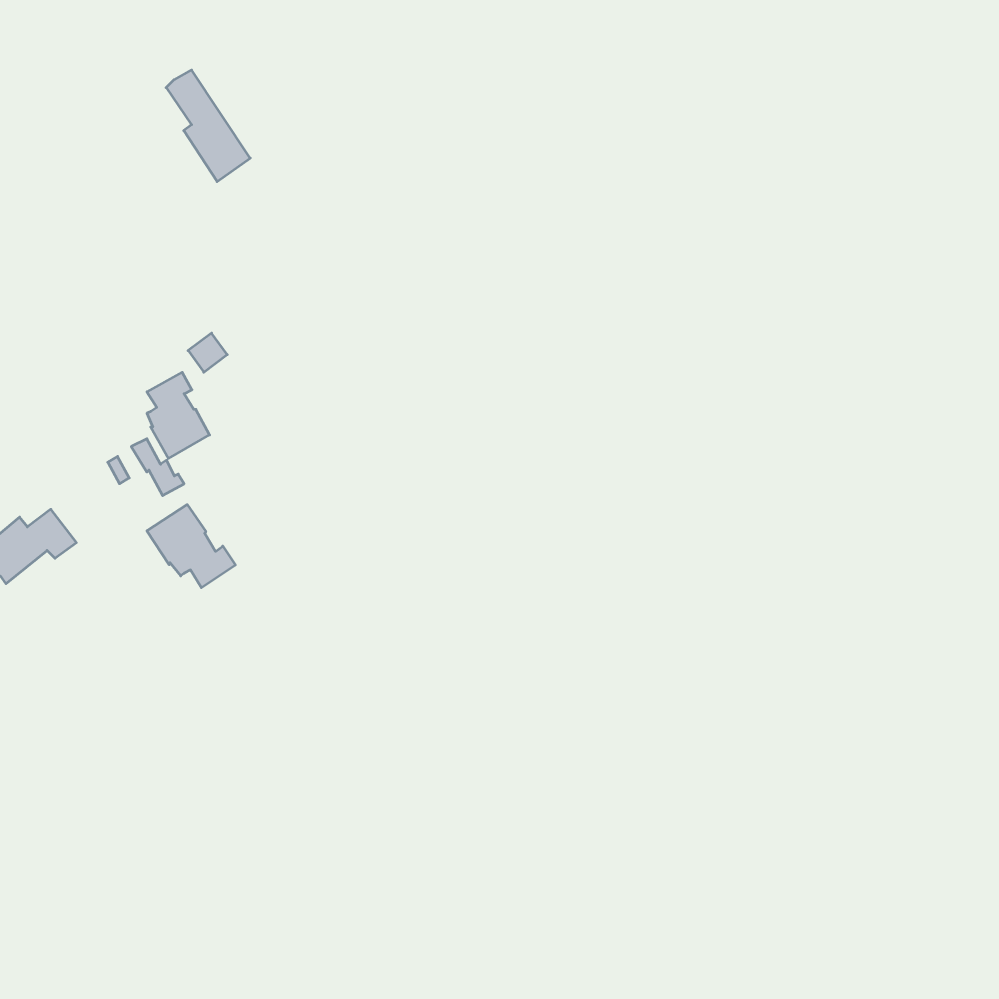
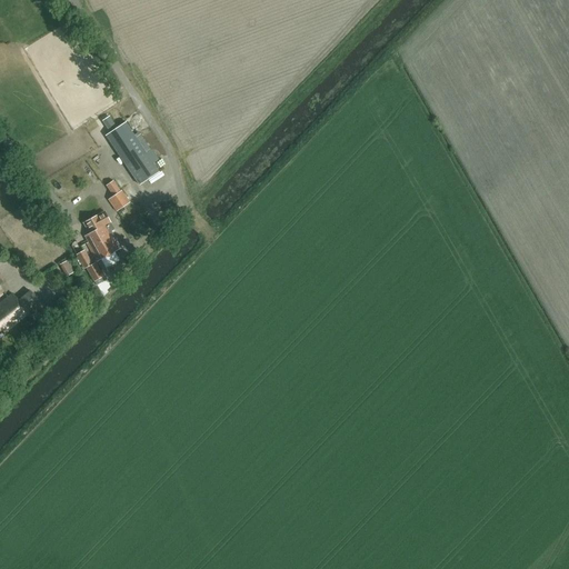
building: [166,70,250,182] -> [110,121,158,184]
building: [147,505,235,588] -> none

